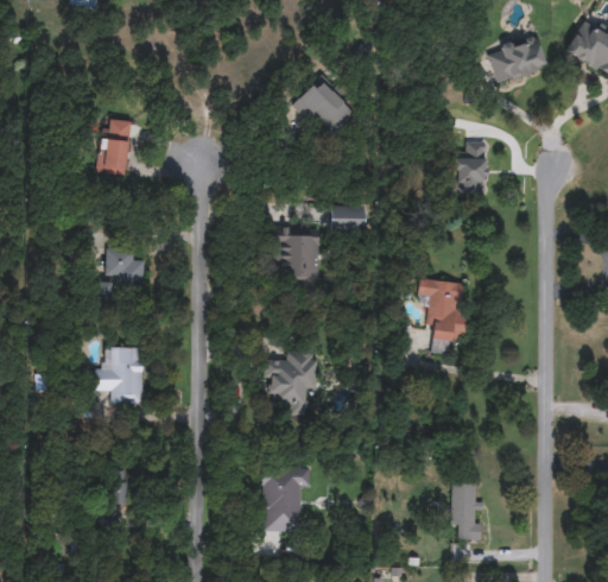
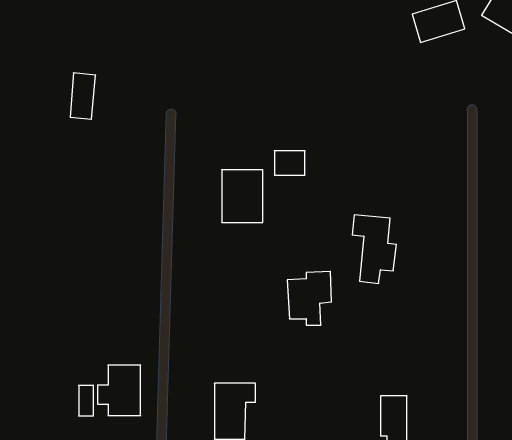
building: [296,77,357,139] -> none
building: [454,141,487,194] -> none
building: [106,252,142,285] -> none
building: [94,347,142,404] -> [98,365,141,416]
building: [267,352,317,412] -> [287,271,331,325]

